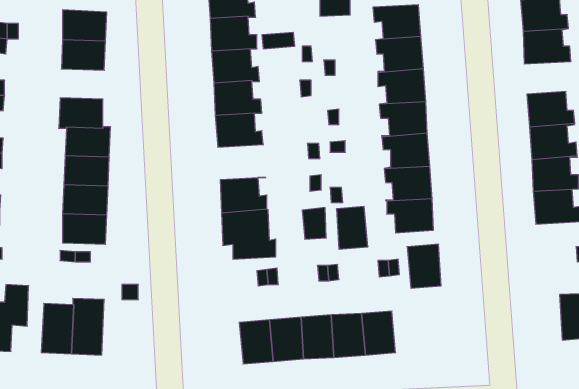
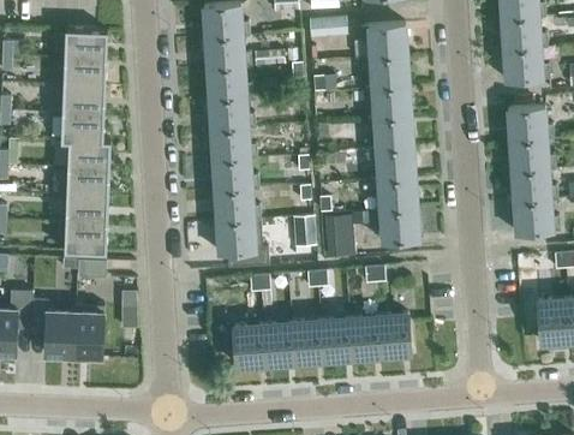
building: none -> [62,85,104,114]
building: none -> [213,157,258,191]
building: [407,244,441,288] -> [378,314,411,356]

